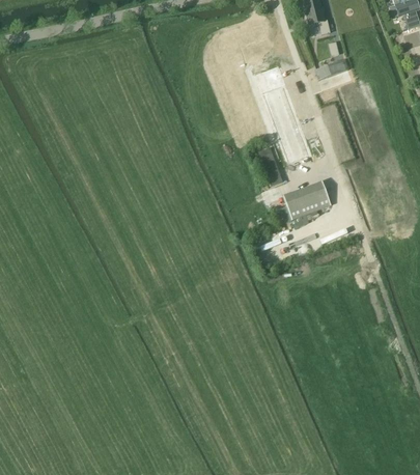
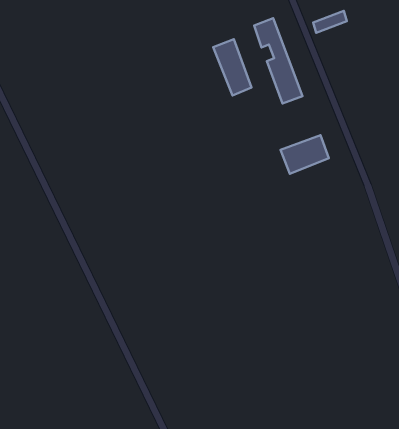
building: none -> [213,39,252,95]

